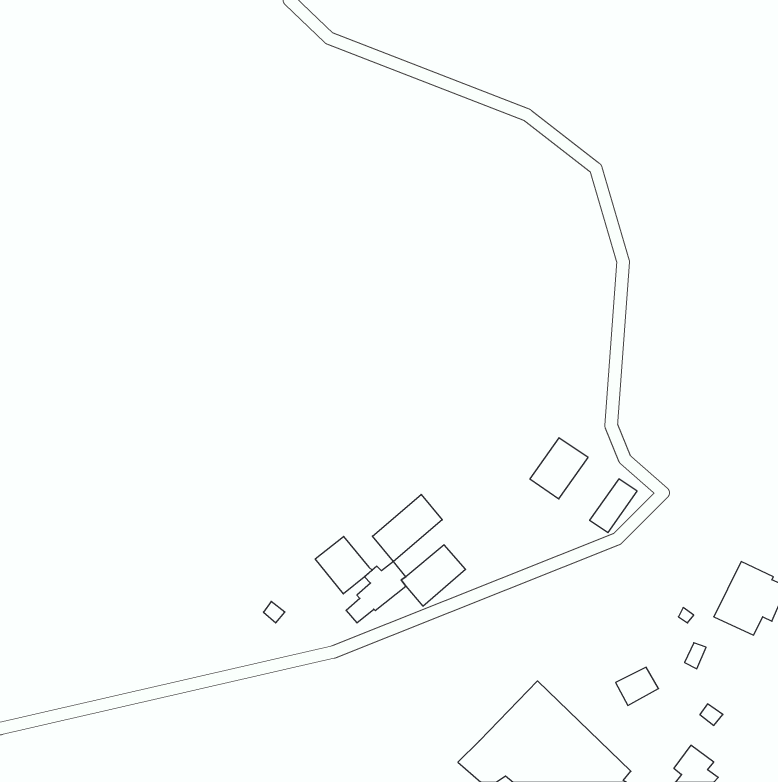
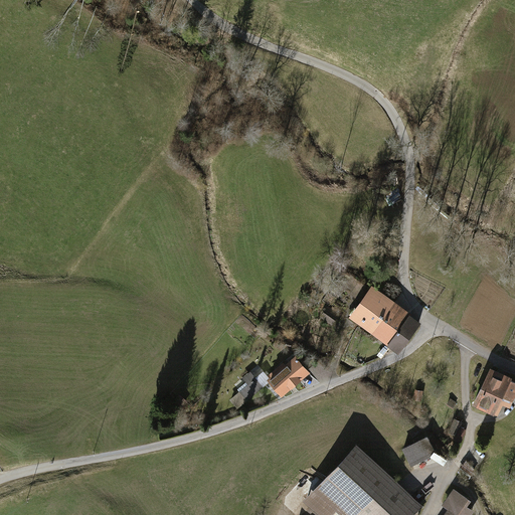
building: none -> [370,301,409,342]
building: [372,494,442,562] -> none
building: [315,536,372,594] -> none

